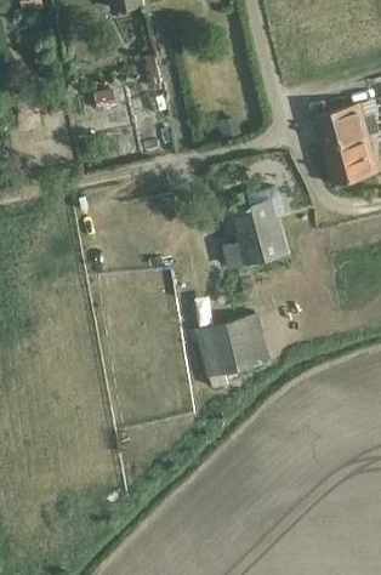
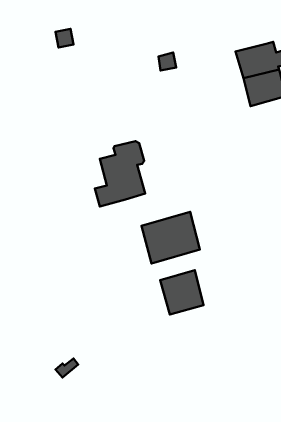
building: [223,188,285,268] -> [95,141,145,206]
building: none -> [160,270,204,315]

